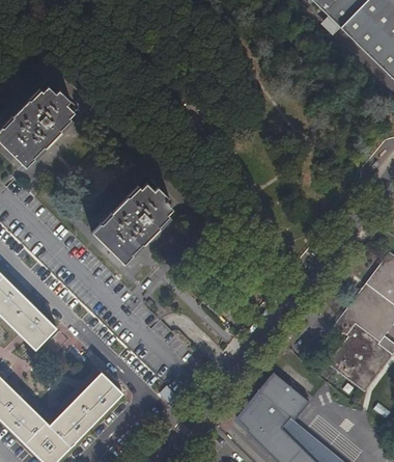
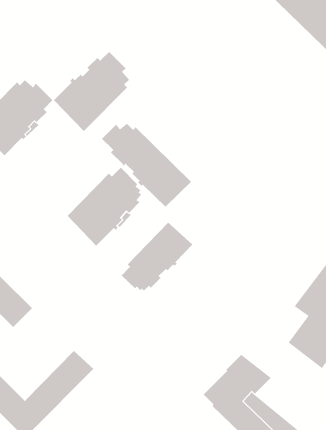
building: none -> [53,51,130,132]
building: none -> [101,123,192,208]
building: none -> [121,222,193,292]

